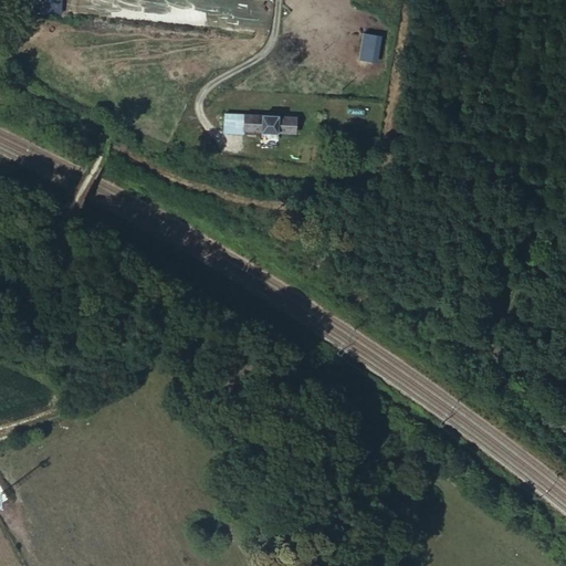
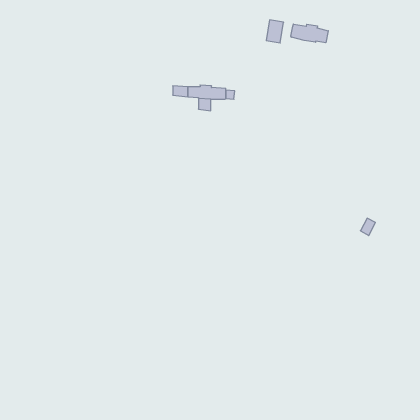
building: none -> [291,24,328,43]

